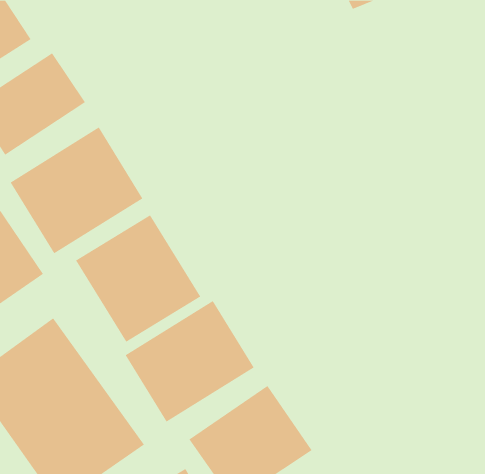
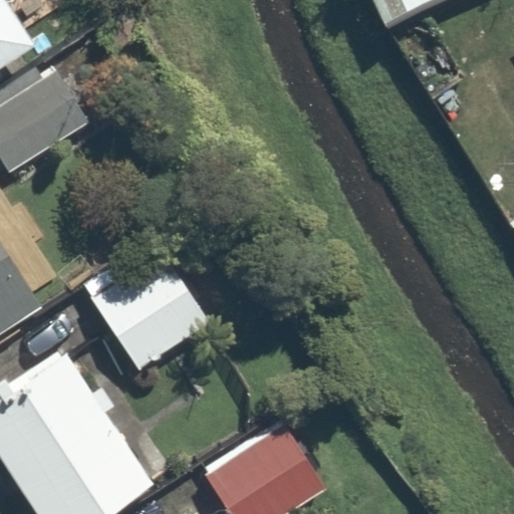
building: [10,127,143,254] -> none
building: [125,300,254,423] -> none

